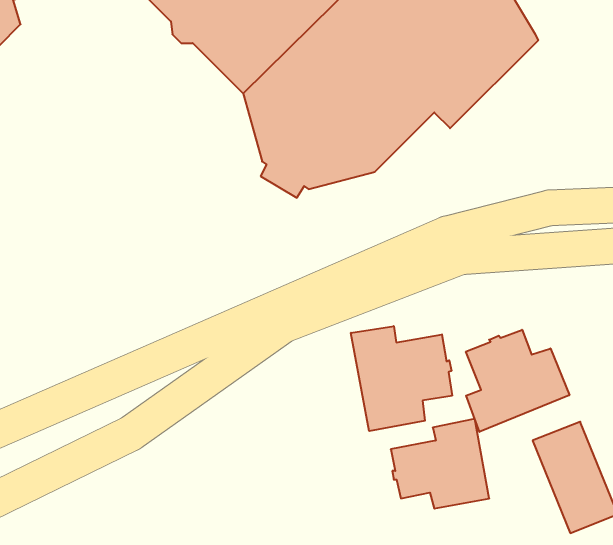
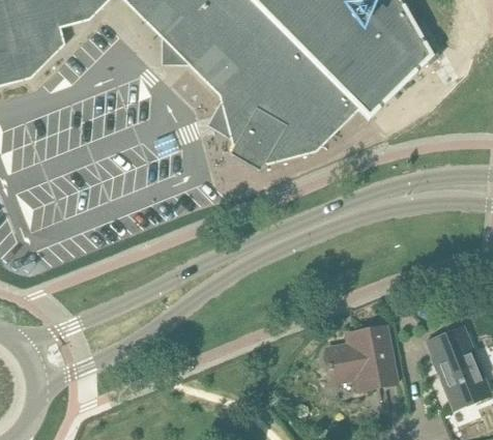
building: [351,326,452,431] -> none
building: [466,330,569,432] -> none

